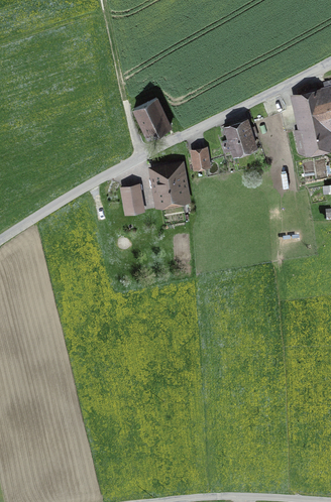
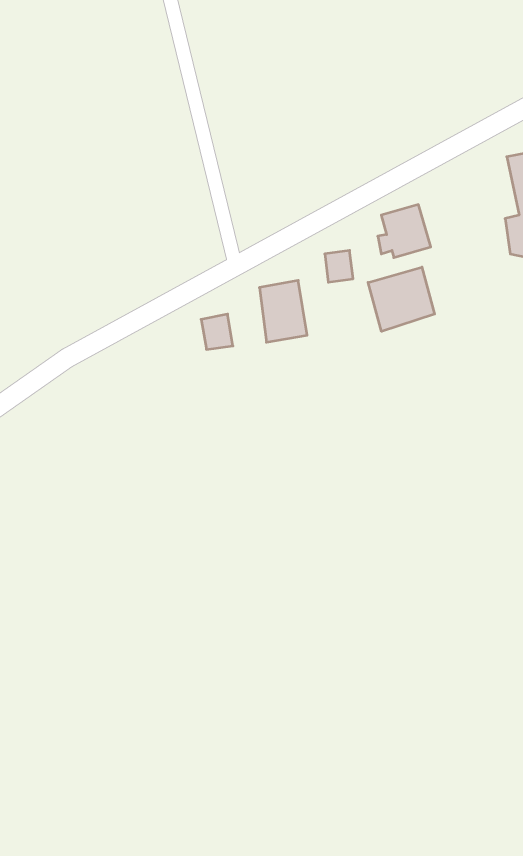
building: [134,98,172,139] -> none
building: none -> [368,267,435,331]

